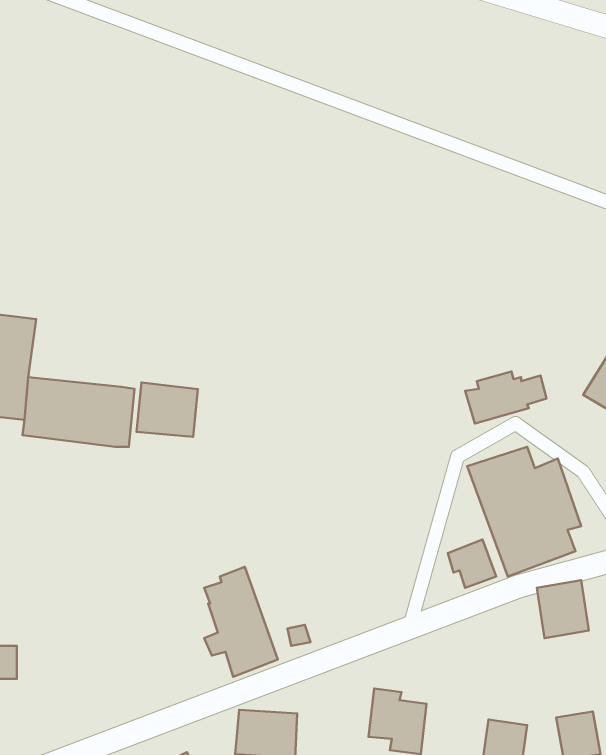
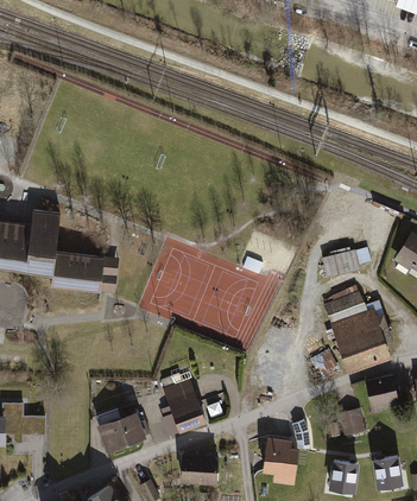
building: [136,383,198,437] -> none
building: none -> [97,405,151,452]
building: none -> [337,410,365,439]

